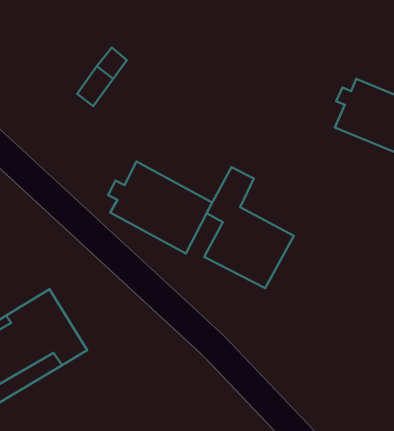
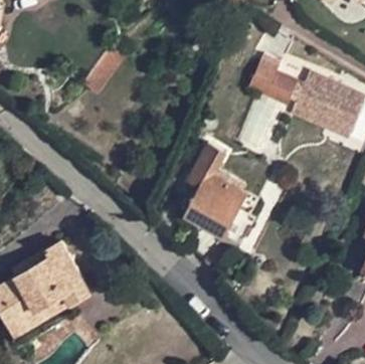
building: none -> [247,64,295,104]
building: [108,162,212,253] -> none

